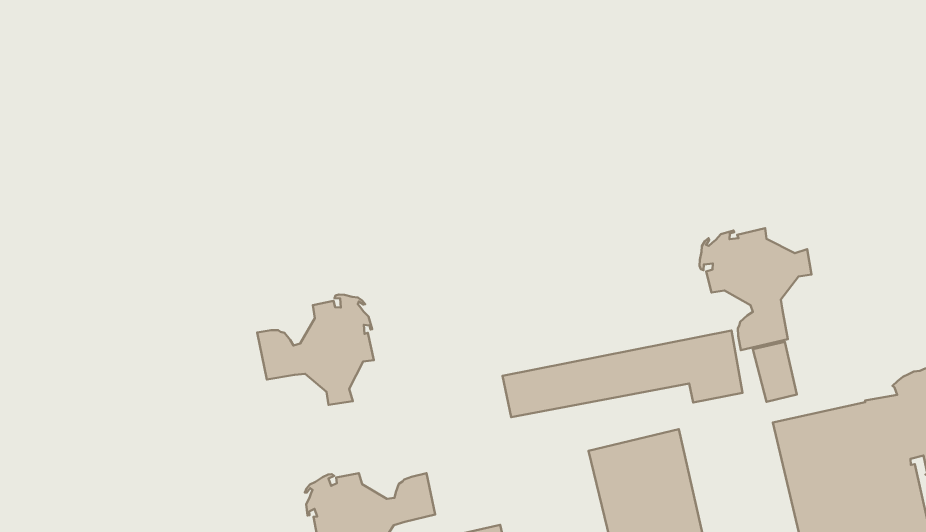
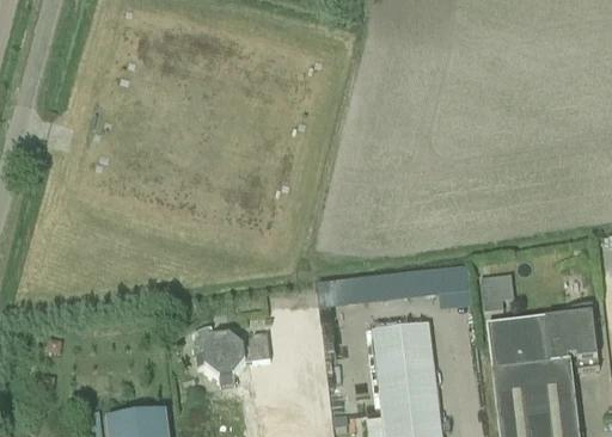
building: [700,228,812,350] -> none
building: [257,294,374,405] -> none

